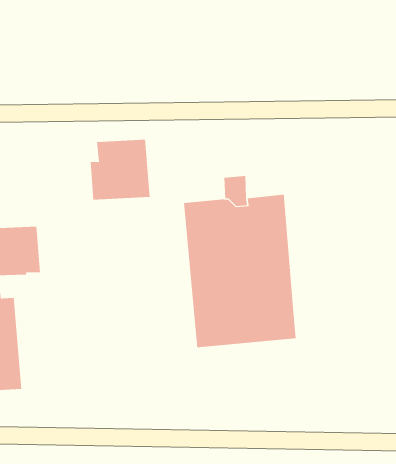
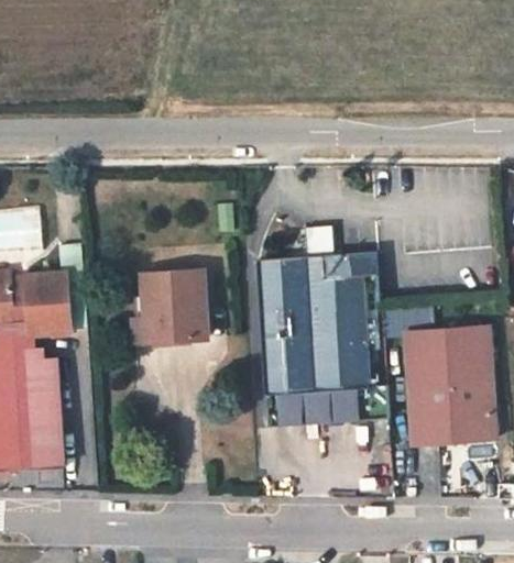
building: [90,139,151,200] -> [131,275,203,346]
building: none -> [405,319,495,432]

